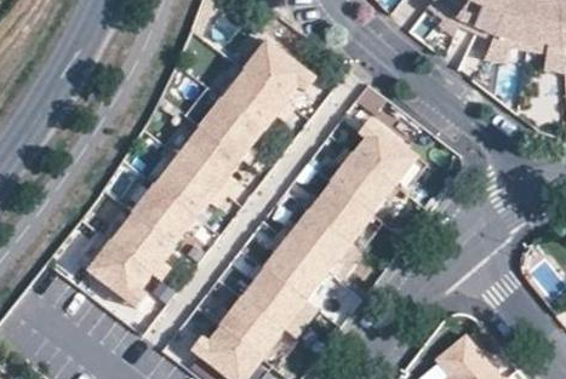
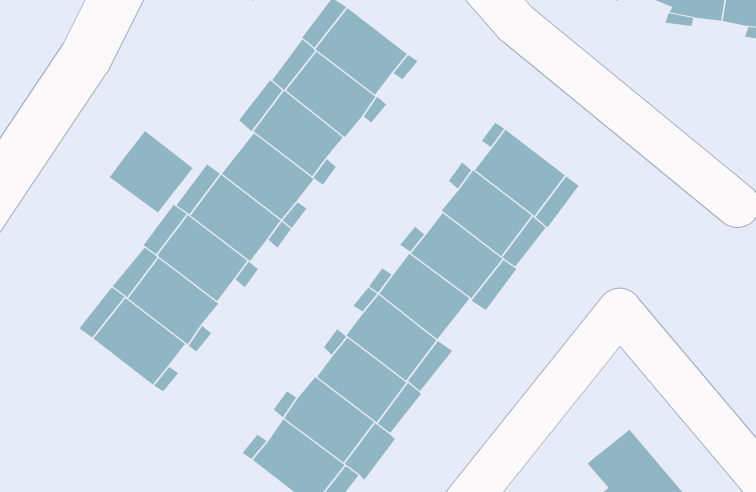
building: none -> [109,130,194,214]

